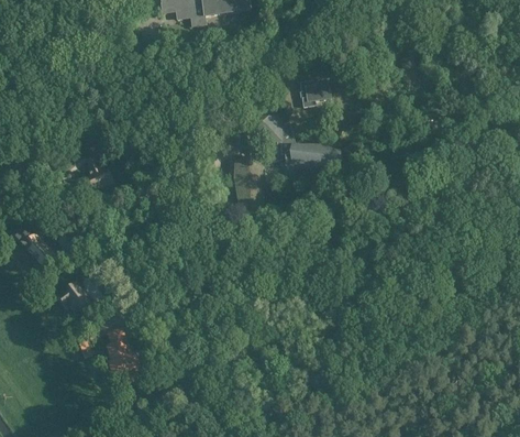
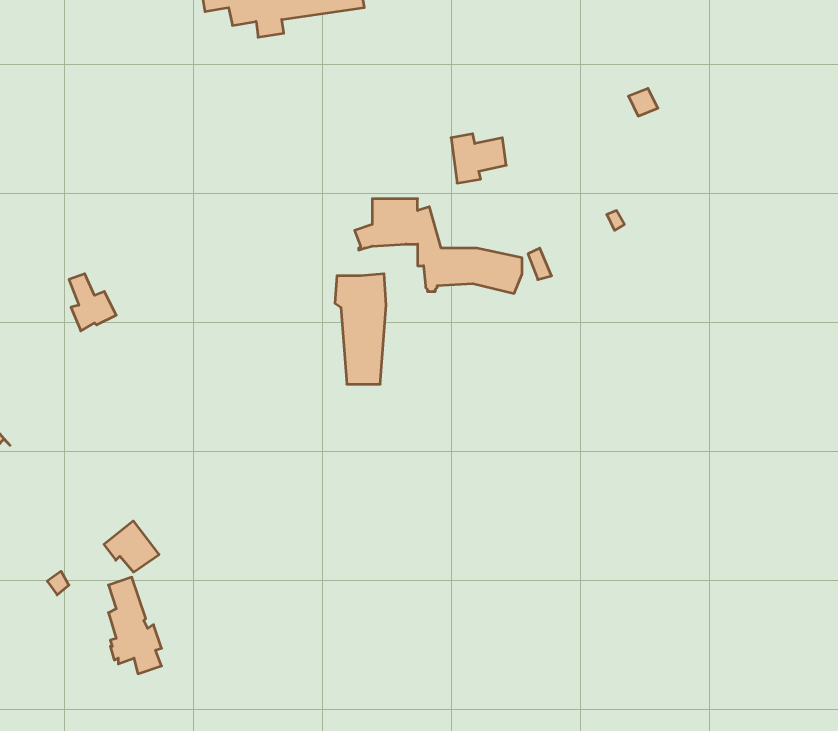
building: [57,283,88,312] -> [104,521,159,572]

